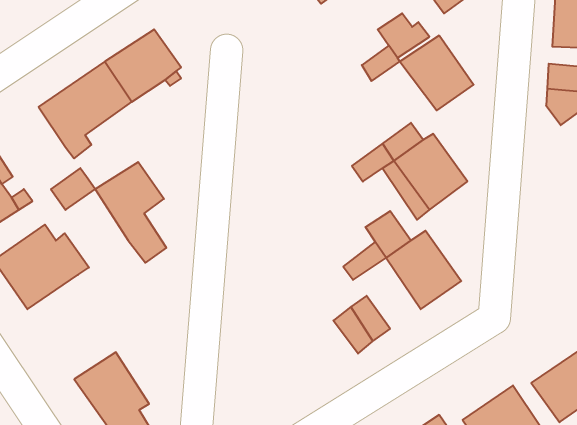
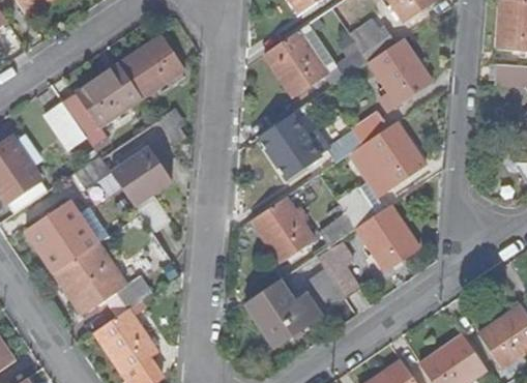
building: none -> [265,31,328,97]
building: none -> [45,100,86,147]
building: none -> [257,115,320,180]
building: none -> [254,199,315,263]
building: none -> [54,242,152,315]
building: none -> [246,281,319,346]

